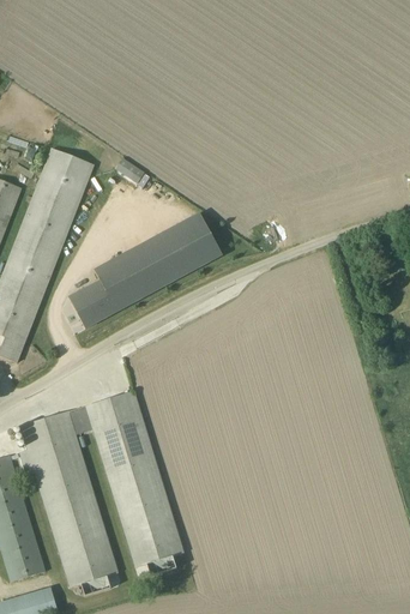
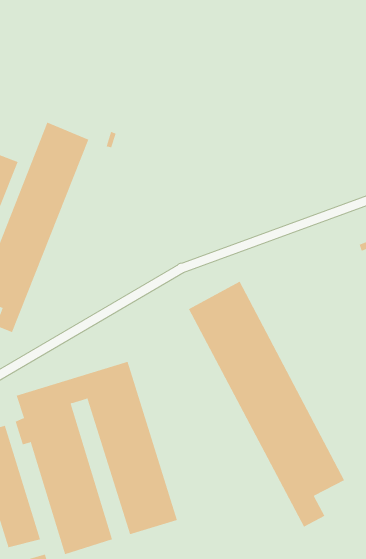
building: [71,212,224,327] -> none
building: none -> [188,281,345,527]

